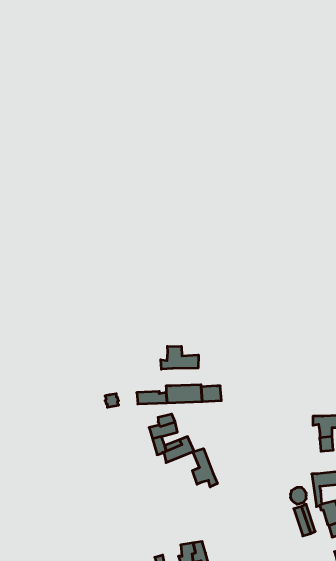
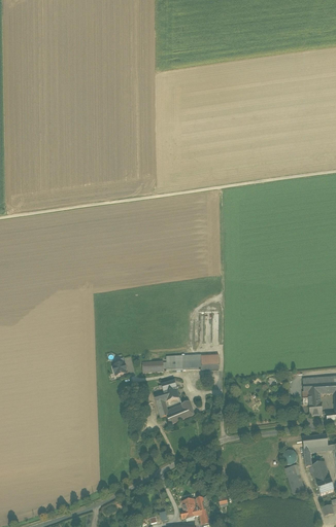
building: [161,346,198,369] -> none
building: [192,449,217,487] -> none

